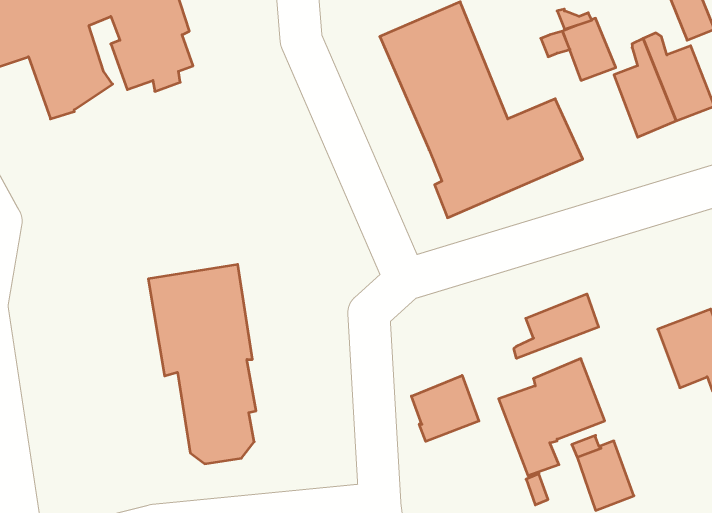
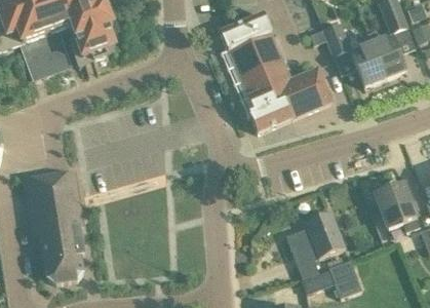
building: [148,264,256,464] -> [24,171,84,283]
building: [514,294,599,358] -> none
building: [411,375,479,441] -> none

